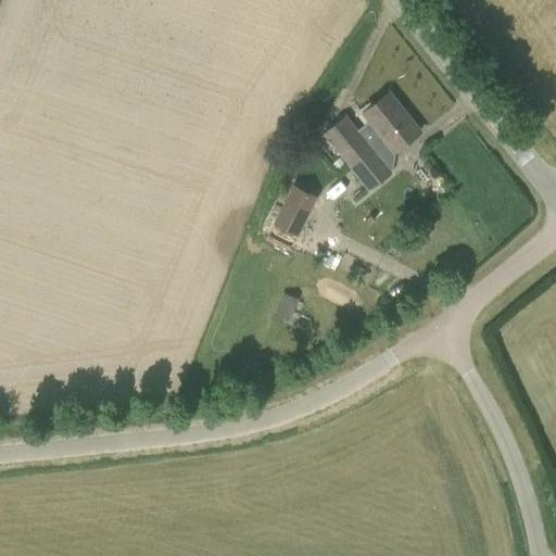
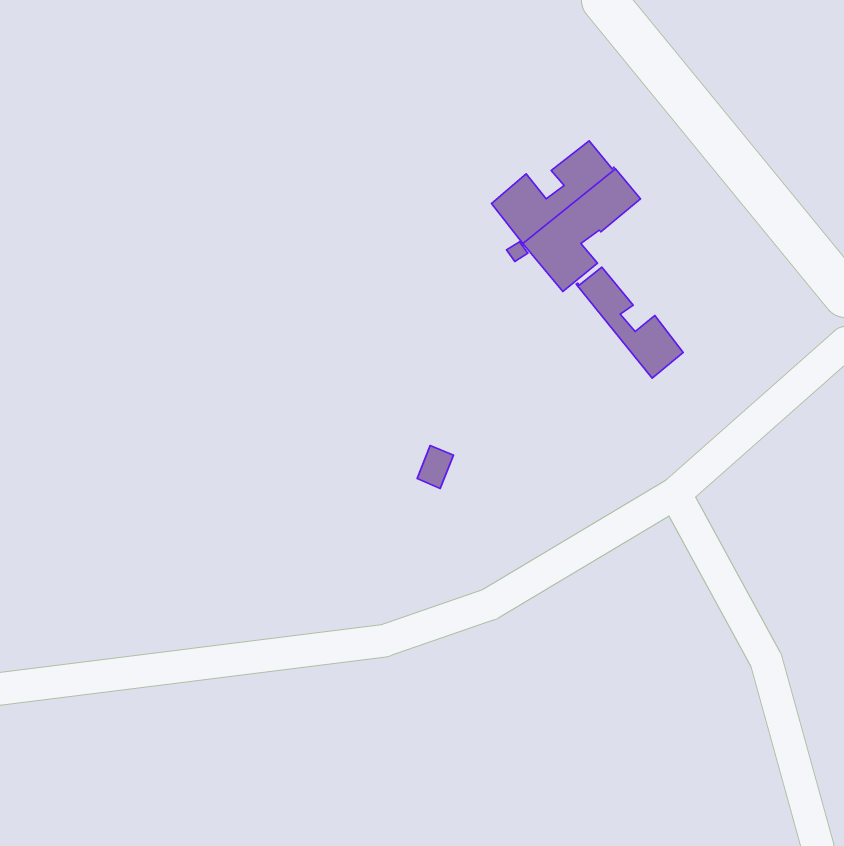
building: none -> [576,267,683,378]
building: [275,186,317,235] -> none

